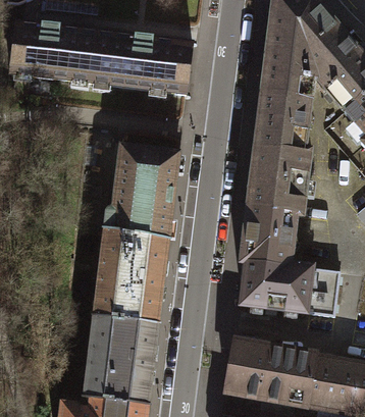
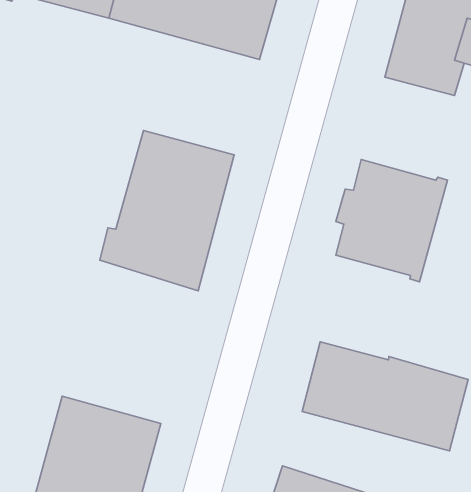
building: [256,94,310,152] -> none
building: [242,206,296,265] -> none
building: [95,229,168,323] -> none

